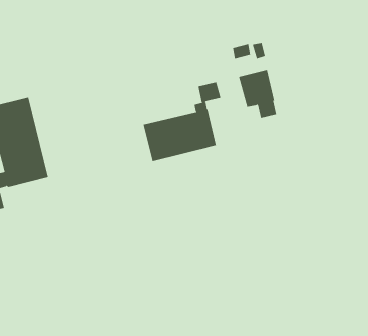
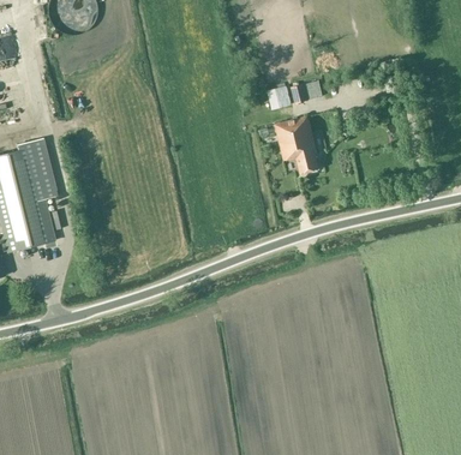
building: [143,81,221,162] -> none

